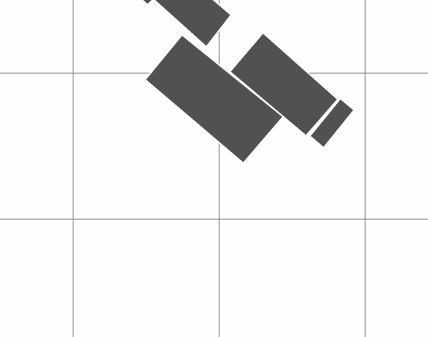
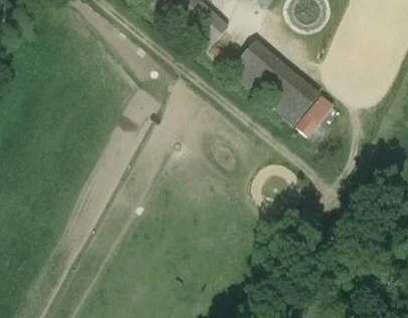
building: [145,35,283,163] -> none

